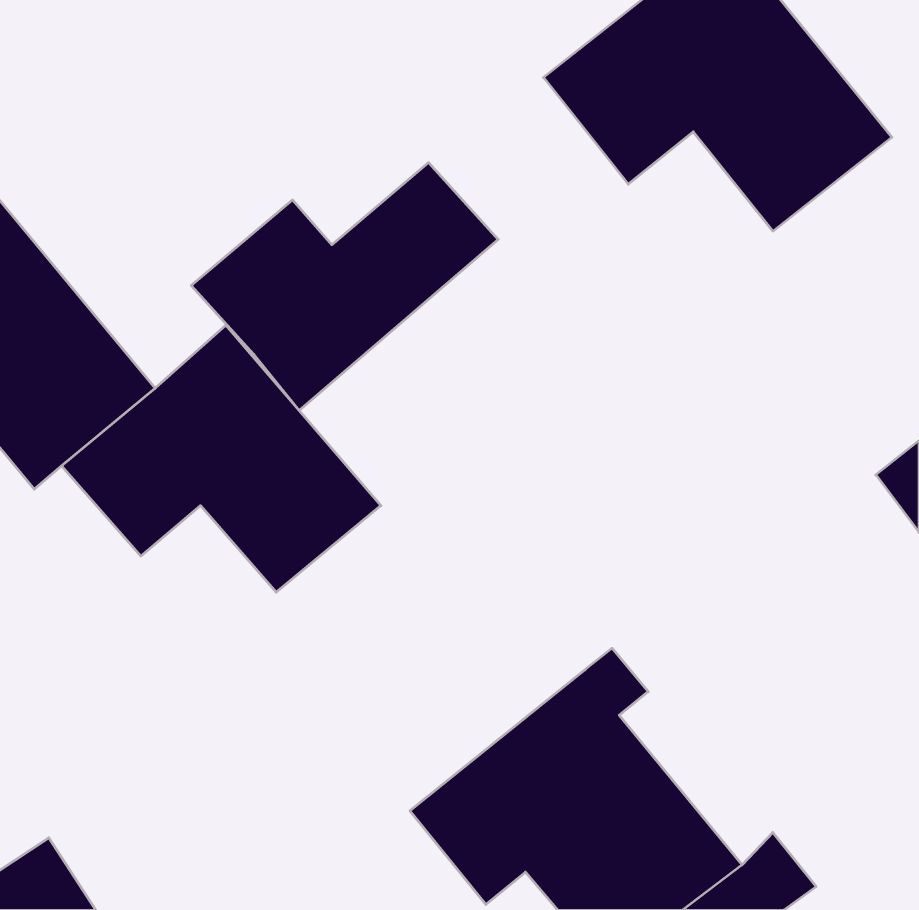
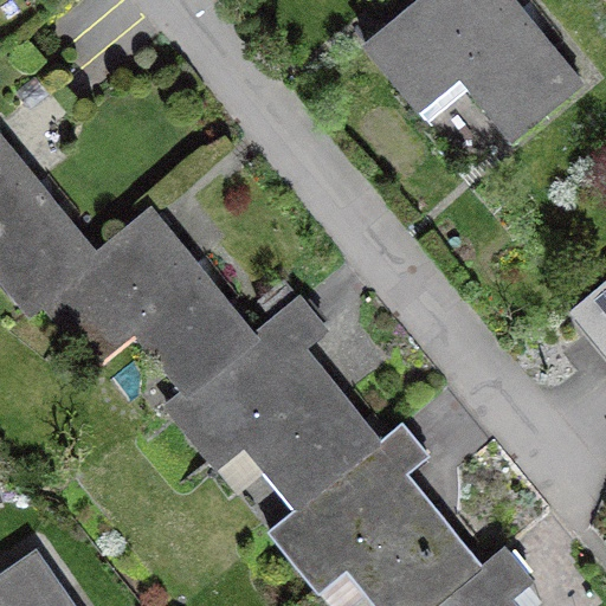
building: [191,163,498,411] -> none
building: none -> [165,294,383,512]

